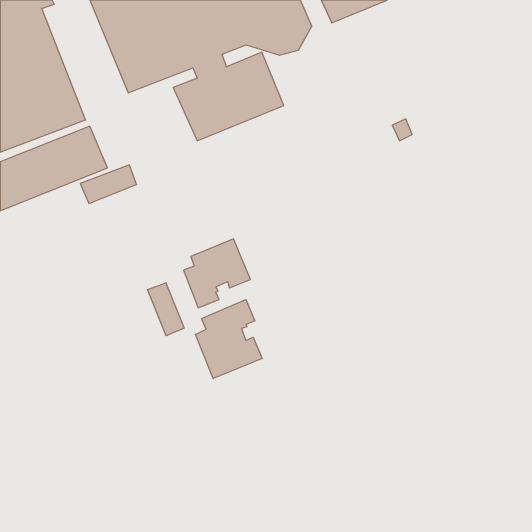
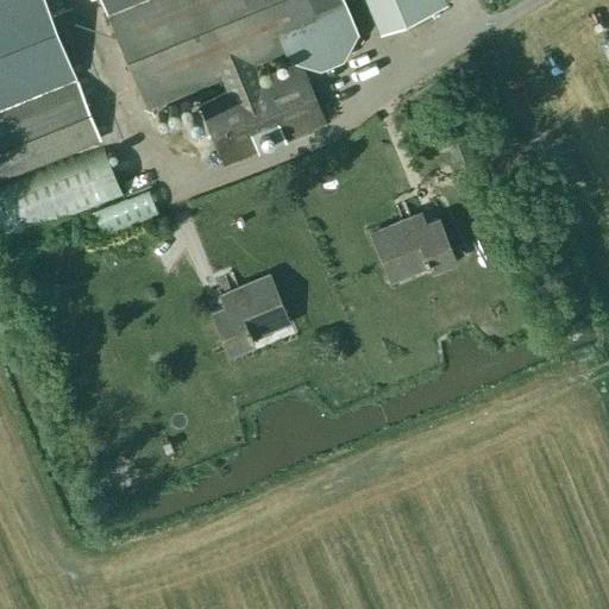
building: none -> [370,214,453,278]
building: [147,283,184,336] -> none
building: [195,300,262,379] -> none

